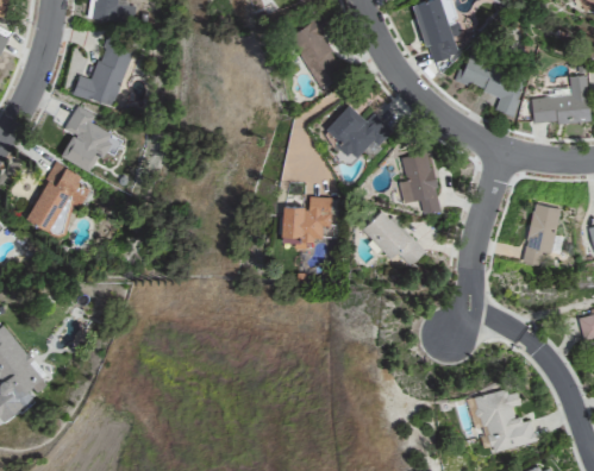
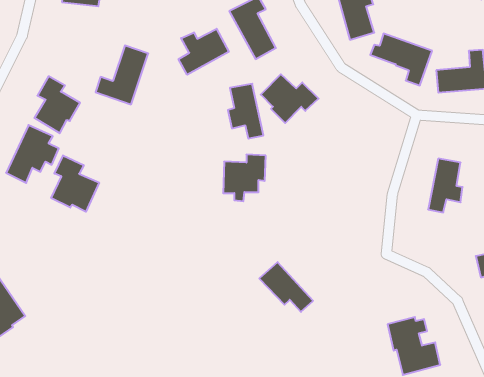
building: [71,38,133,107] -> [96,45,148,104]
building: none -> [179,29,229,75]
building: [399,151,440,215] -> [228,84,263,139]
building: none -> [51,155,99,212]
building: [361,208,424,266] -> [259,262,313,312]

